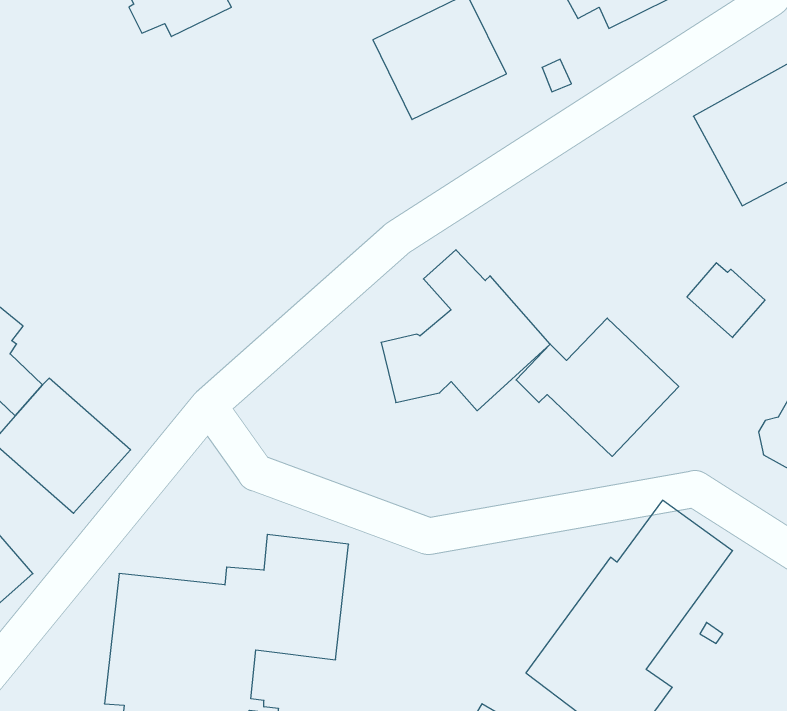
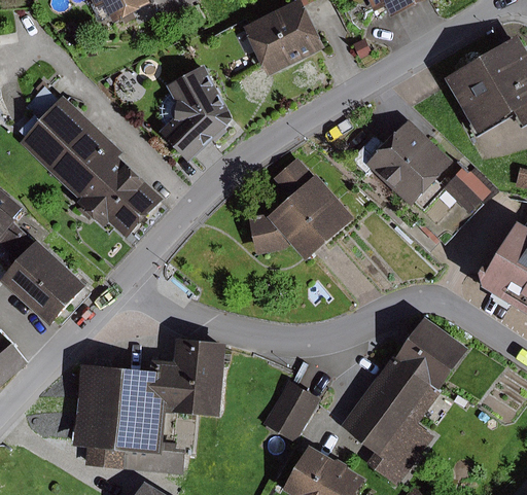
building: none -> [155,64,234,163]
building: none -> [16,85,165,241]
building: [516,318,679,456] -> [349,119,452,207]
building: none -> [264,381,318,443]

